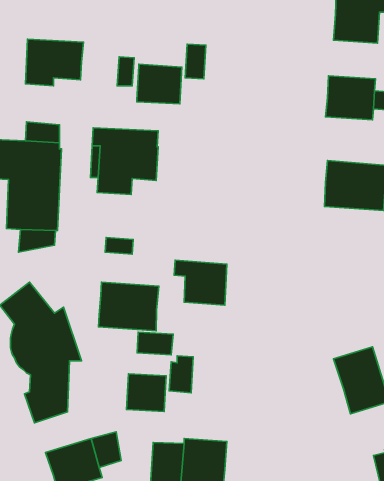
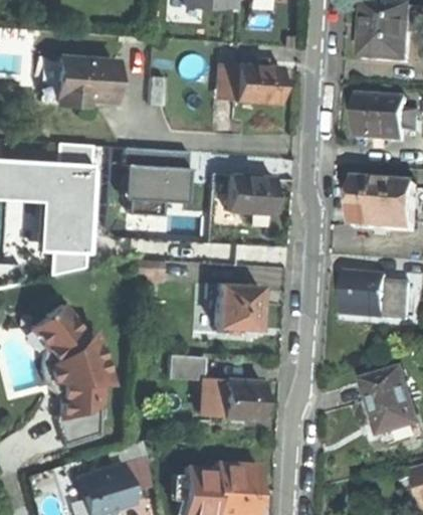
building: [137,64,182,104] -> [237,62,282,103]
building: none -> [229,174,274,222]
building: none -> [348,275,413,319]
building: [99,282,159,331] -> none
building: [126,374,166,412] -> [224,379,264,417]

